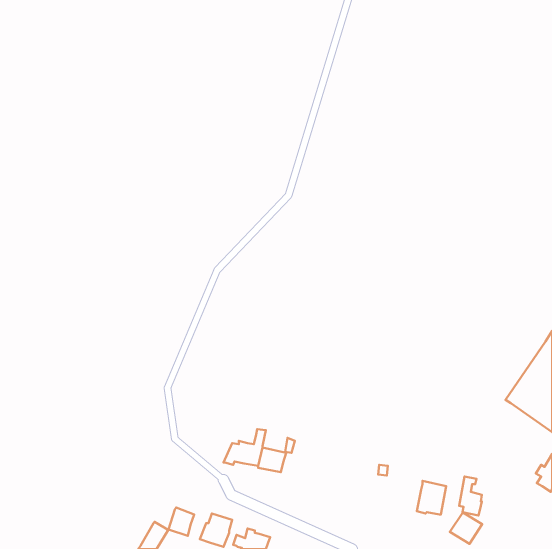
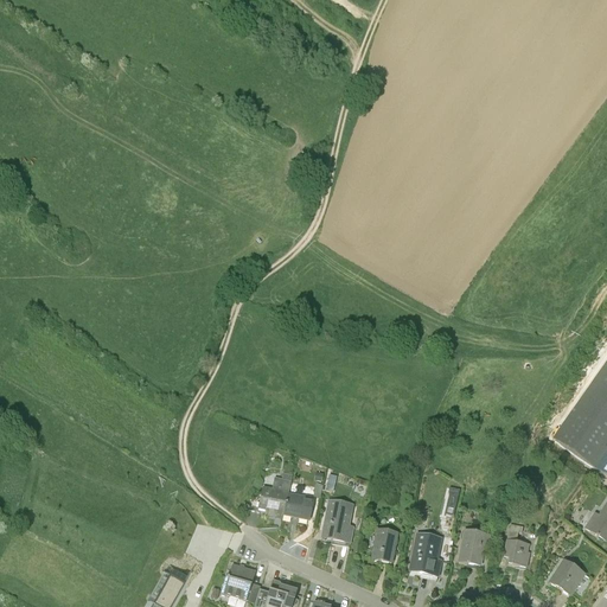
building: none -> [321,498,352,542]
building: none -> [371,525,400,562]
building: none -> [409,531,442,575]
building: [168,508,194,536] -> none
building: [450,512,482,544] -> [549,560,584,594]

